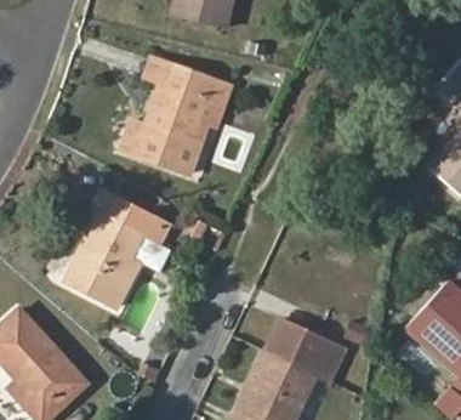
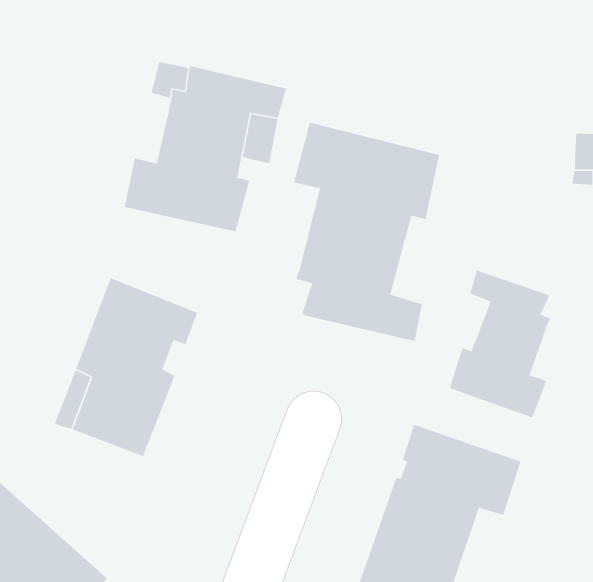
building: none -> [293,122,440,342]
building: none -> [449,270,552,419]

